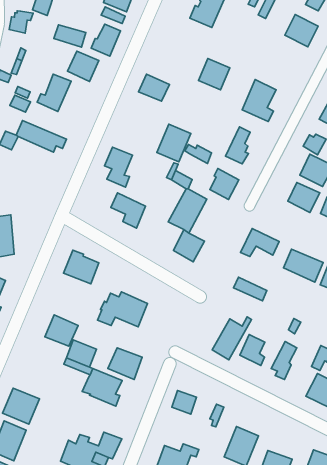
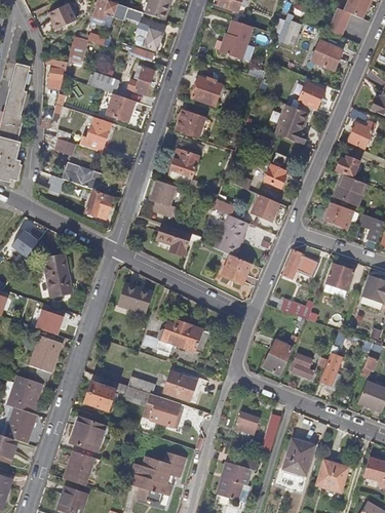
building: none -> [295,84,322,115]
building: [199,58,230,90] -> [192,78,221,107]
building: [157,124,191,162] -> [167,148,198,183]
building: none -> [84,193,112,220]
building: [45,315,78,346] -> [84,380,115,408]

